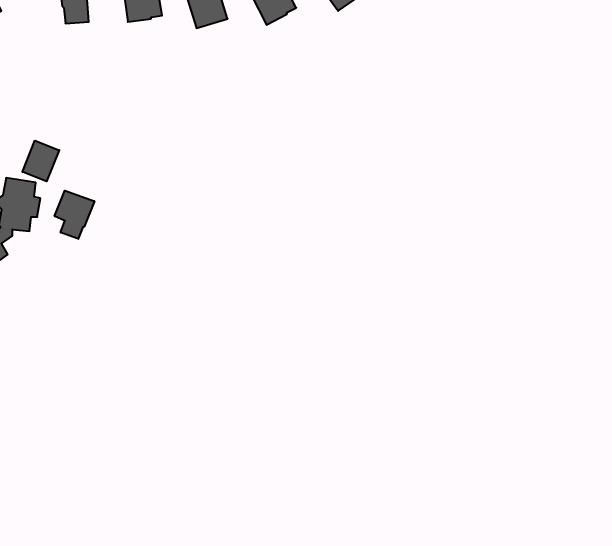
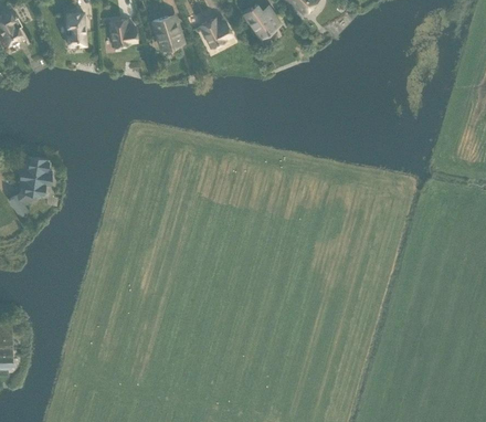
building: [22,141,59,181] -> none
building: [55,191,94,239] -> none

